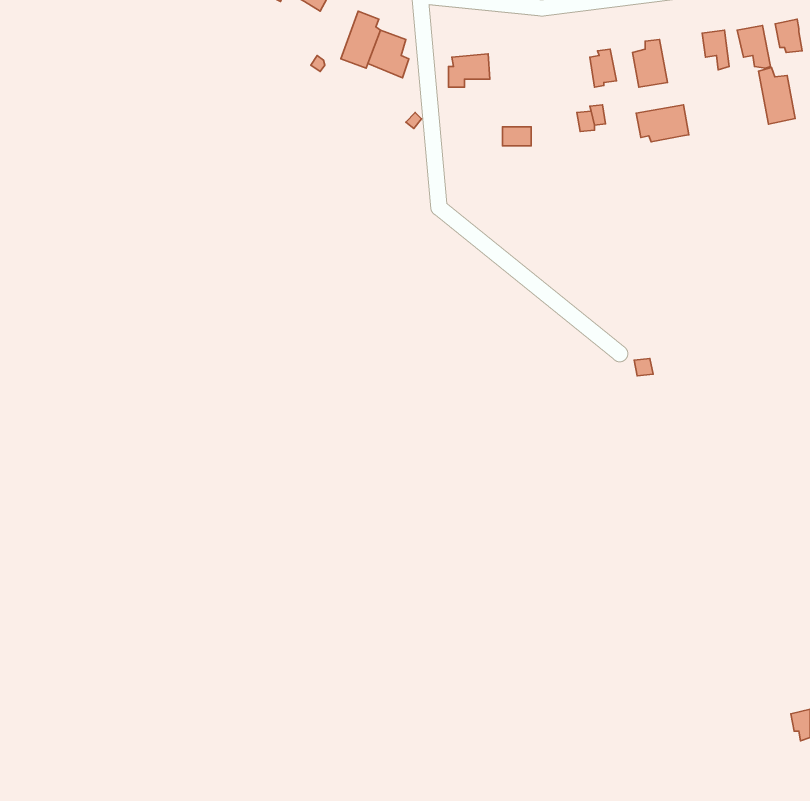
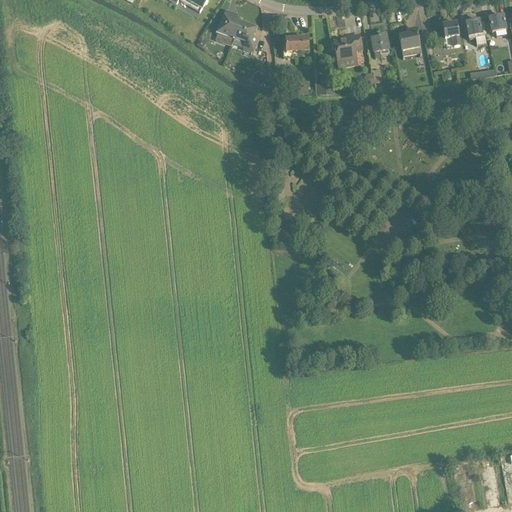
building: none -> [332,31,362,67]
building: [759,67,795,124] -> none
building: [636,105,689,142] -> none

